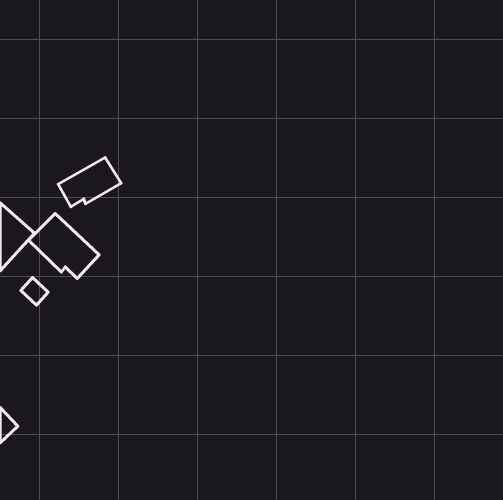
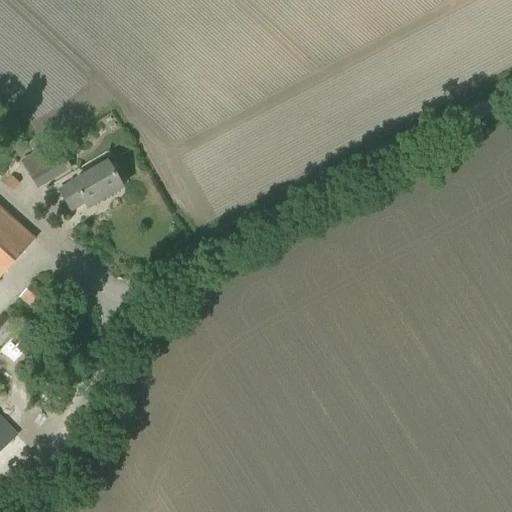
building: none -> [20,145,72,187]
building: [28,214,99,279] -> none

